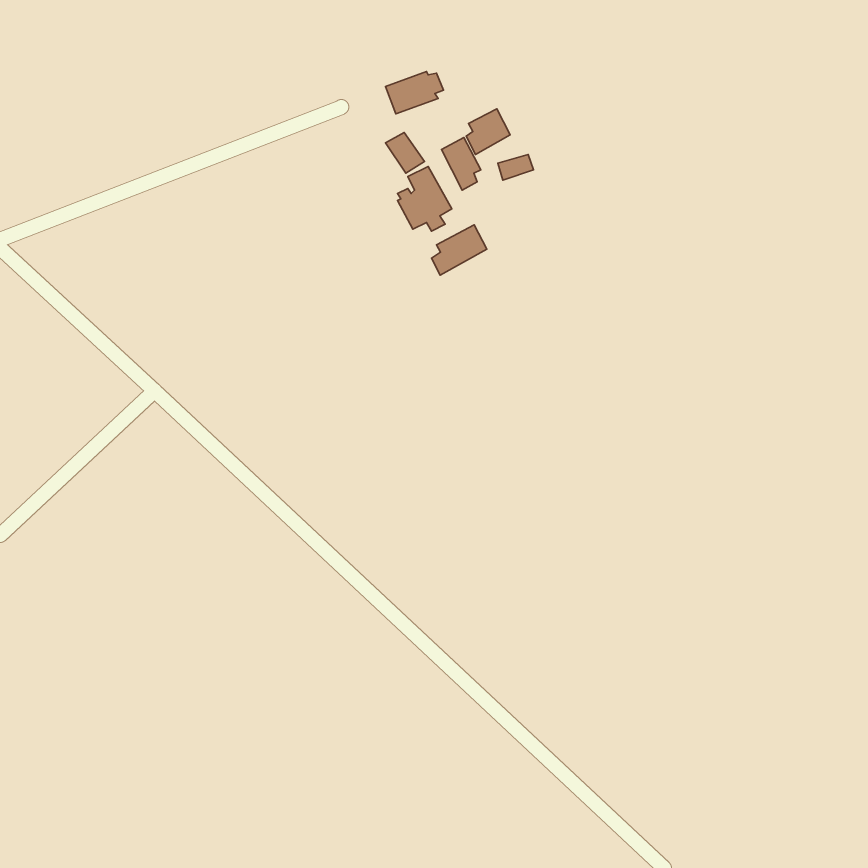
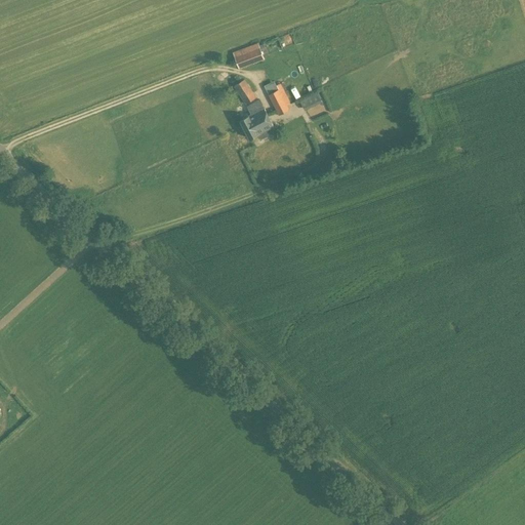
building: [466,109,510,155] -> none
building: [432,225,487,275] -> none

